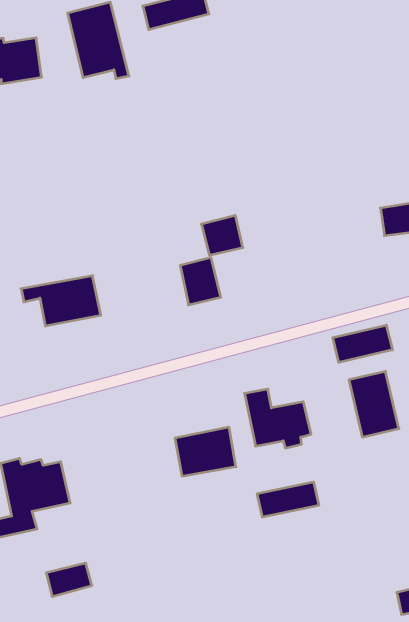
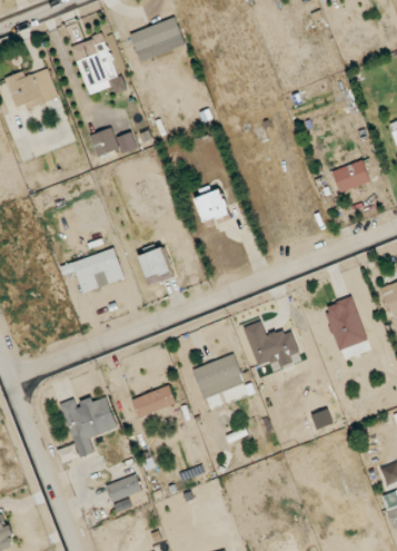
building: none -> [90,128,138,157]
building: [180,258,221,305] -> [139,247,173,286]
building: [333,325,392,362] -> none
building: none -> [131,385,176,419]
building: [257,482,319,517] -> none

